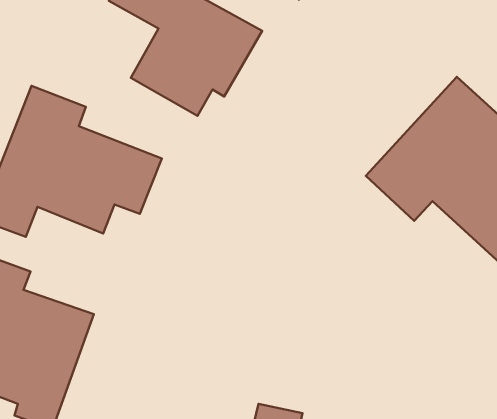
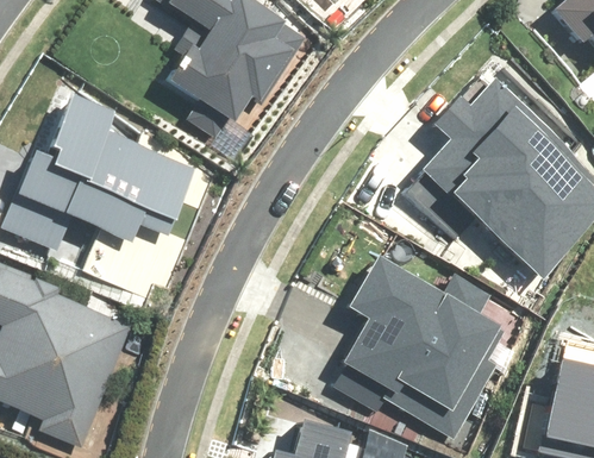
building: none -> [343,252,504,429]

